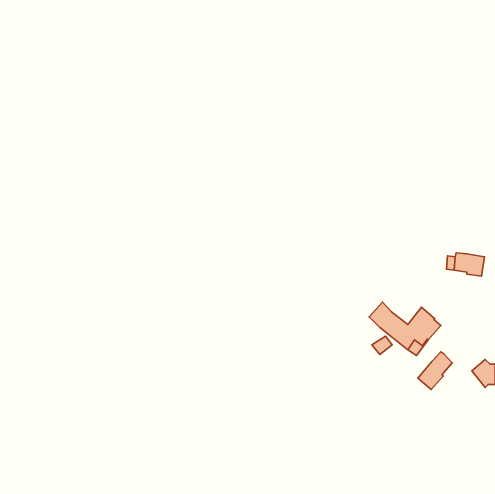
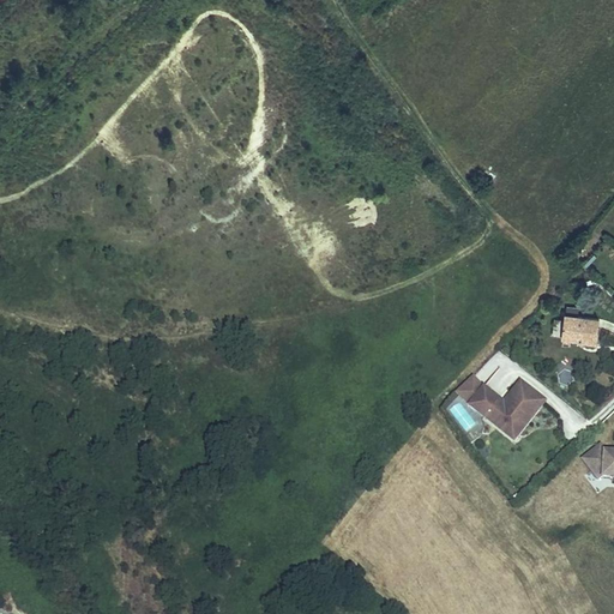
building: [418,352,452,390] -> none

